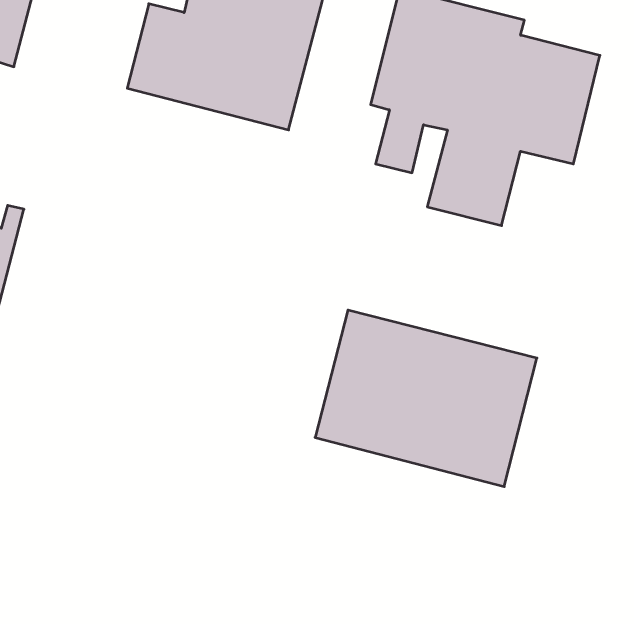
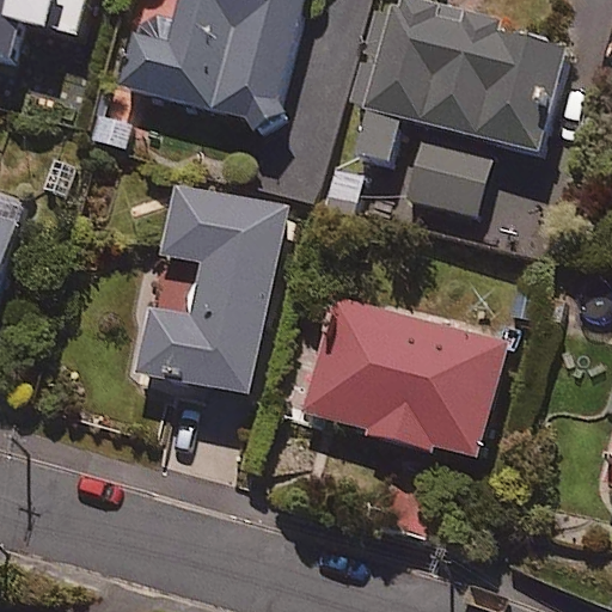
building: none -> [136,179,288,394]

